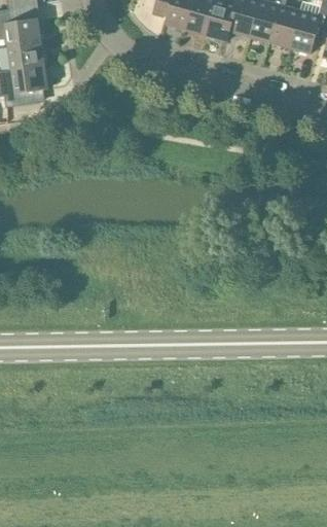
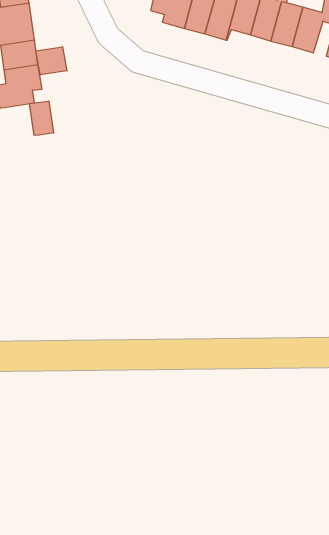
building: none -> [36,47,67,75]
building: none -> [29,101,54,135]

